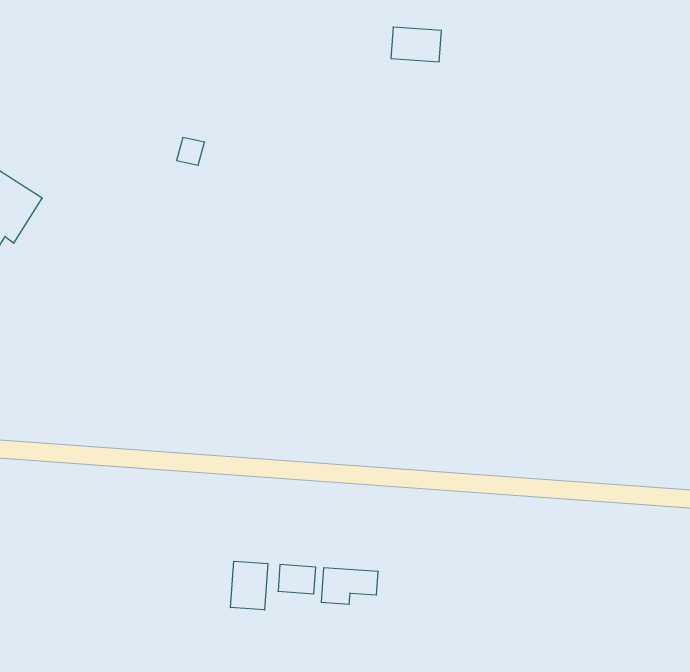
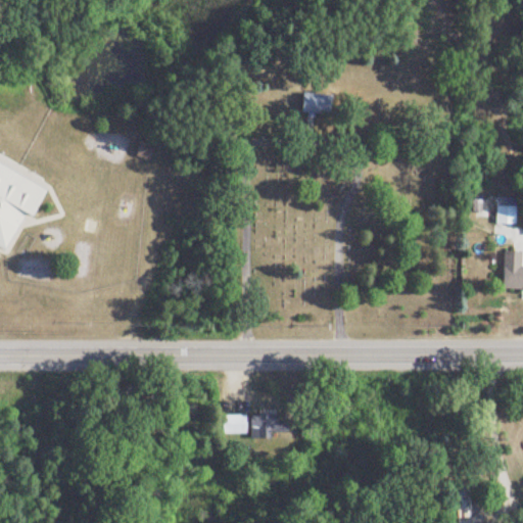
building: [391,27,441,62] -> [300,94,332,114]
building: [230,561,268,610] -> none

